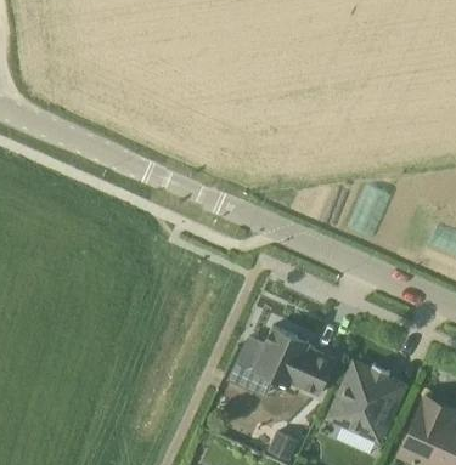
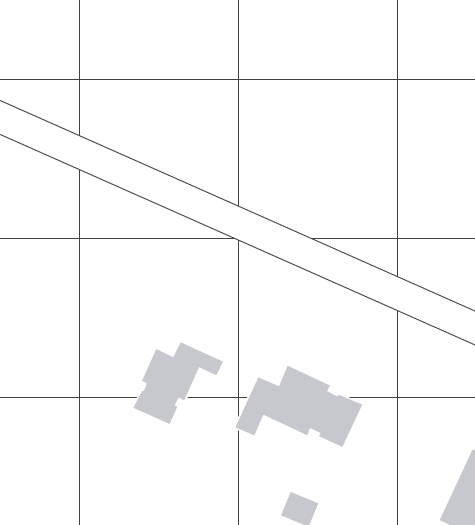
building: none -> [132,341,224,425]
building: [330,363,404,438] -> none

